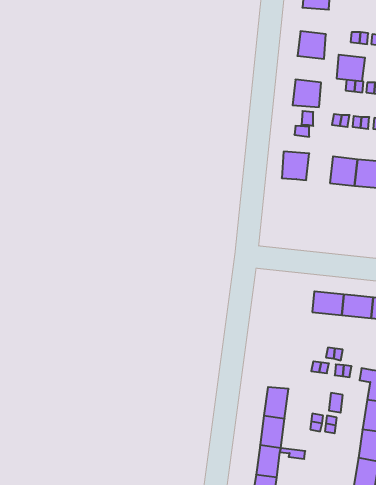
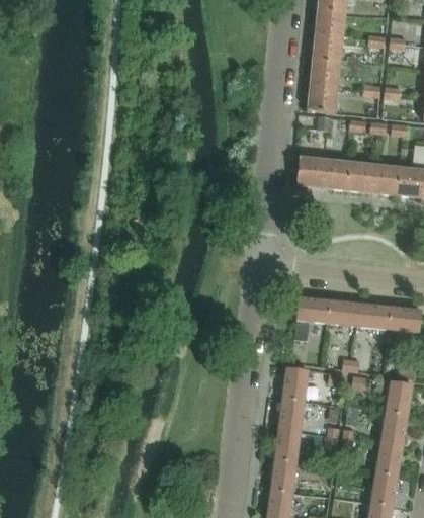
building: none -> [316,9,345,36]
building: [337,55,365,81] -> [311,59,340,86]
building: none -> [322,159,349,189]
building: none -> [295,297,330,333]
building: none -> [282,367,308,401]

